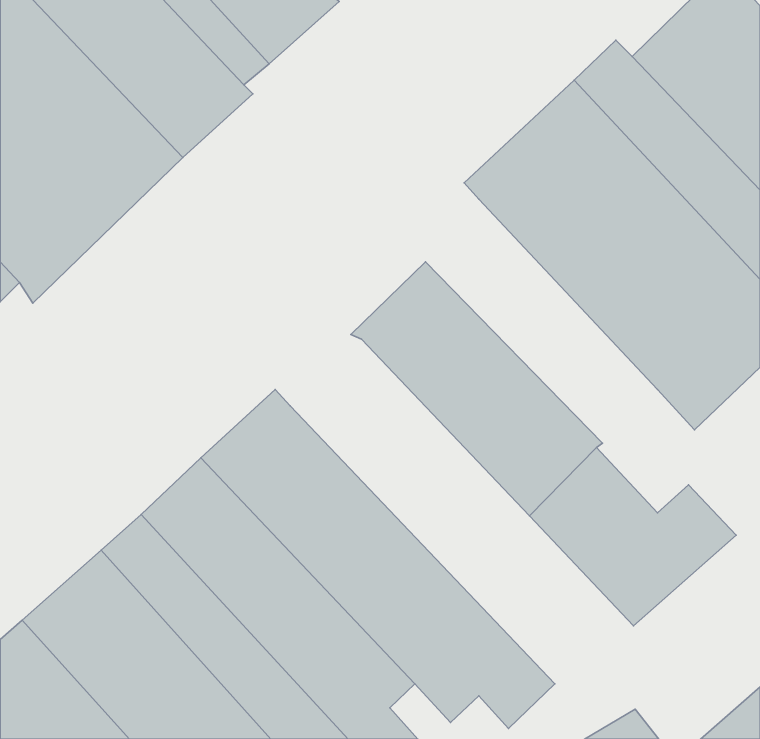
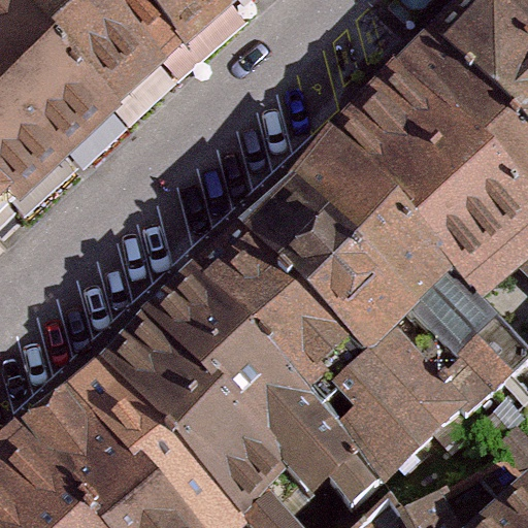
building: none -> [291,138,456,307]
building: none -> [201,235,439,481]

